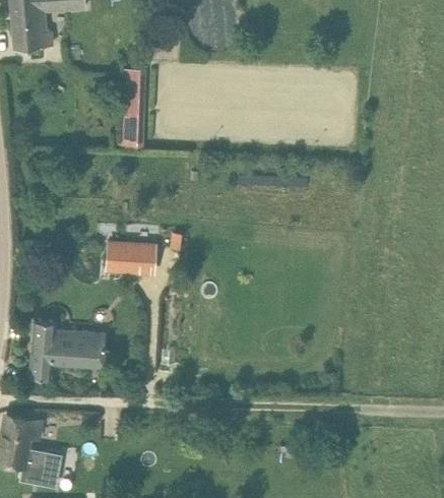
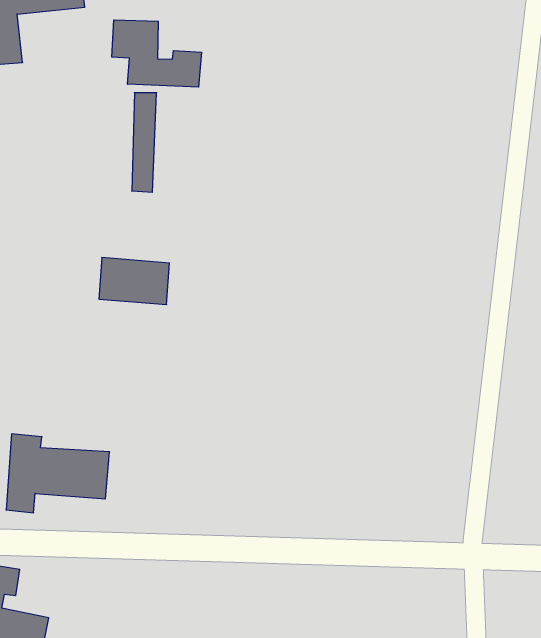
building: none -> [112,20,201,87]
building: [107,239,158,273] -> [99,258,169,305]

